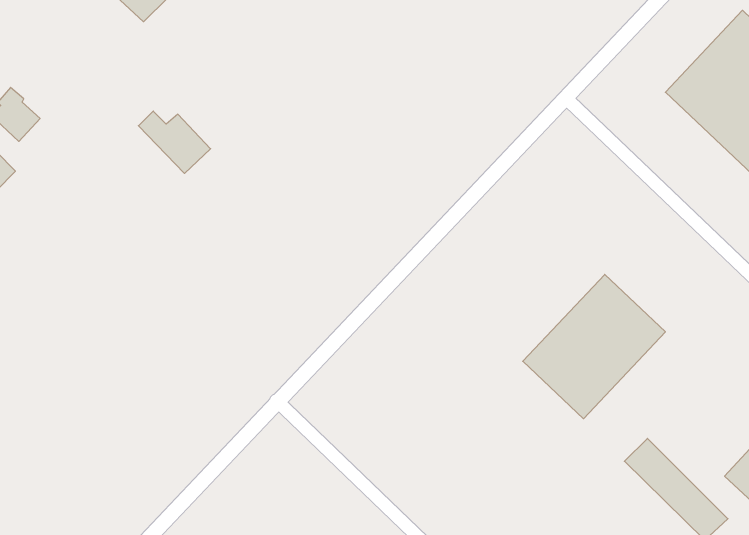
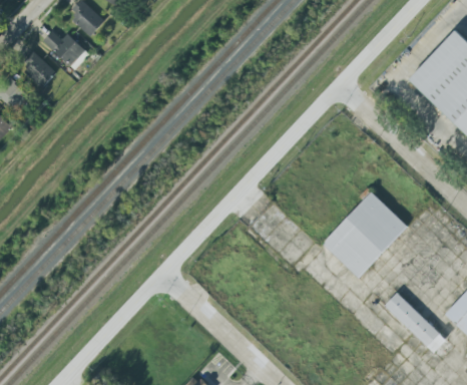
building: none -> [23,51,55,88]
building: [138,111,211,173] -> [44,31,88,69]

